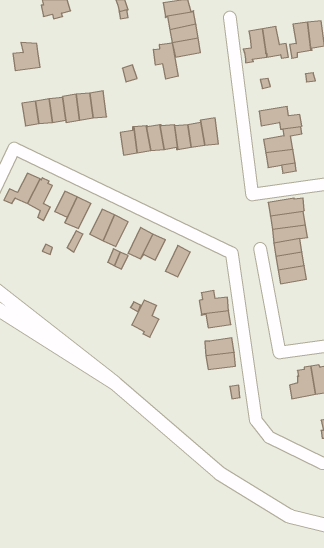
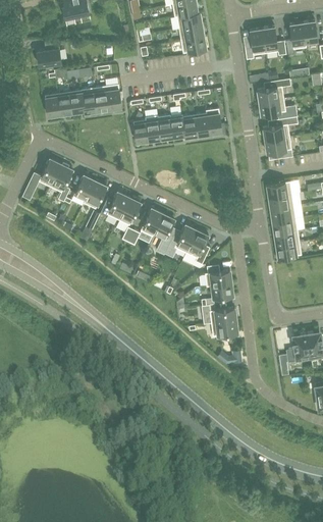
building: [153,43,178,79] -> none
building: none -> [257,79,290,102]
building: [132,300,159,337] -> [185,229,210,263]

